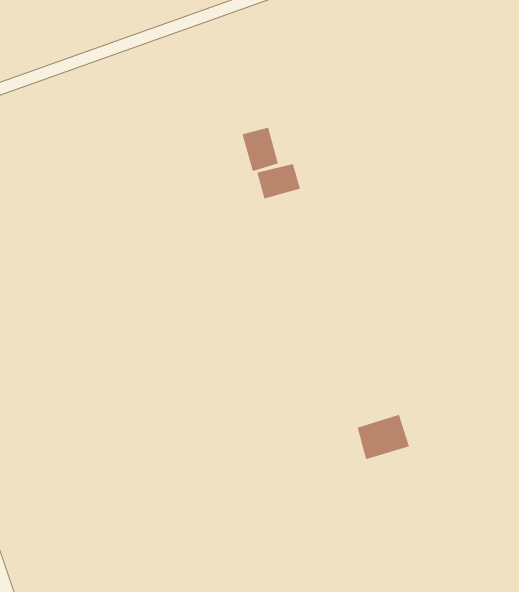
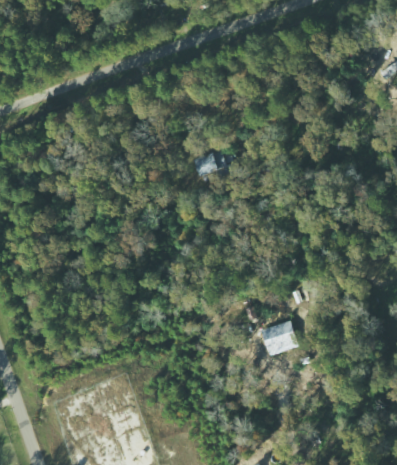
building: [242,127,278,172] -> none

